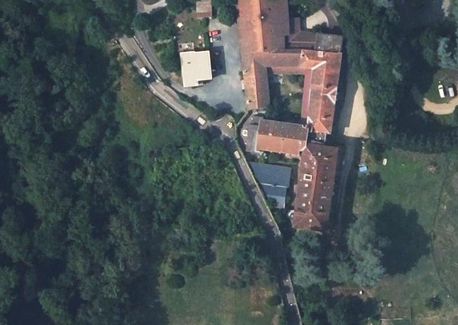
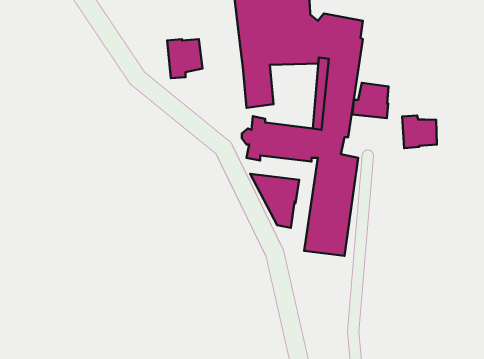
building: none -> [353,83,388,118]
building: none -> [402,115,437,148]

